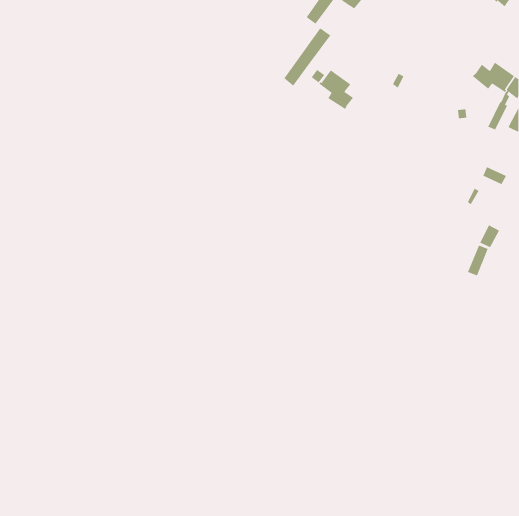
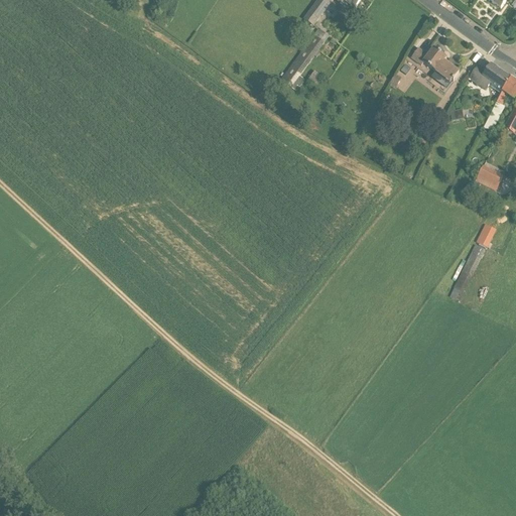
building: none -> [411,46,459,80]
building: [319,69,354,110] -> none

